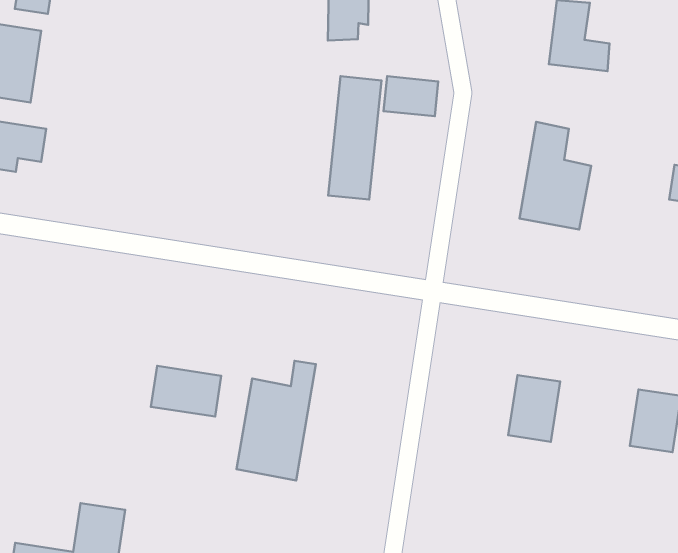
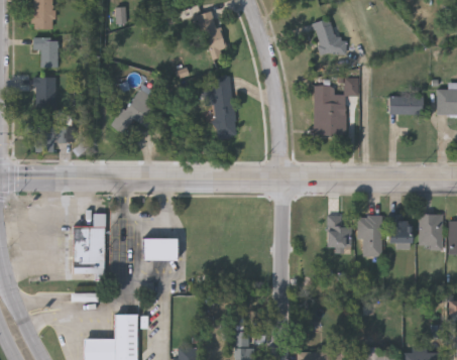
building: none -> [113,86,166,135]
building: [384,76,438,116] -> none
building: [236,361,316,480] -> [73,214,105,274]
building: none -> [358,216,381,257]

